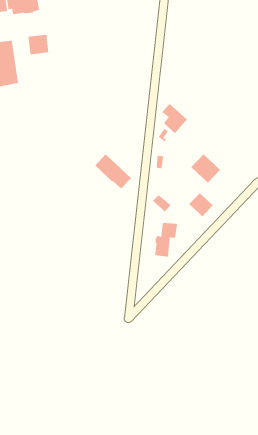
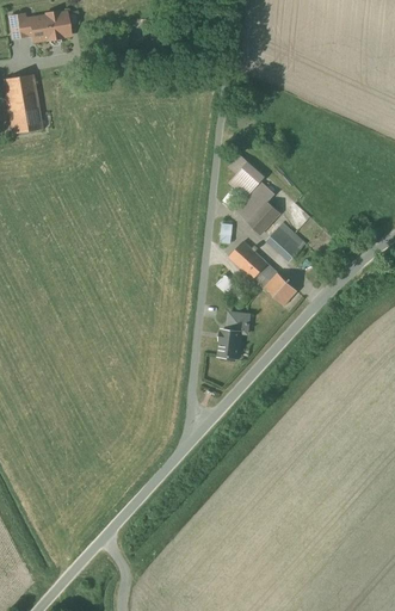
building: [28,34,49,55] -> none
building: none -> [236,183,280,235]
building: [95,154,132,189] -> [230,241,279,288]

